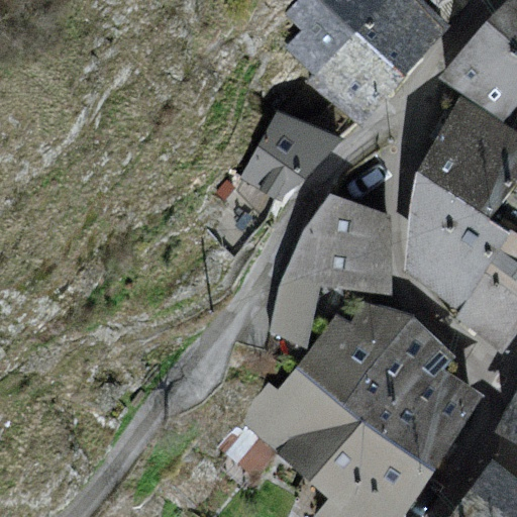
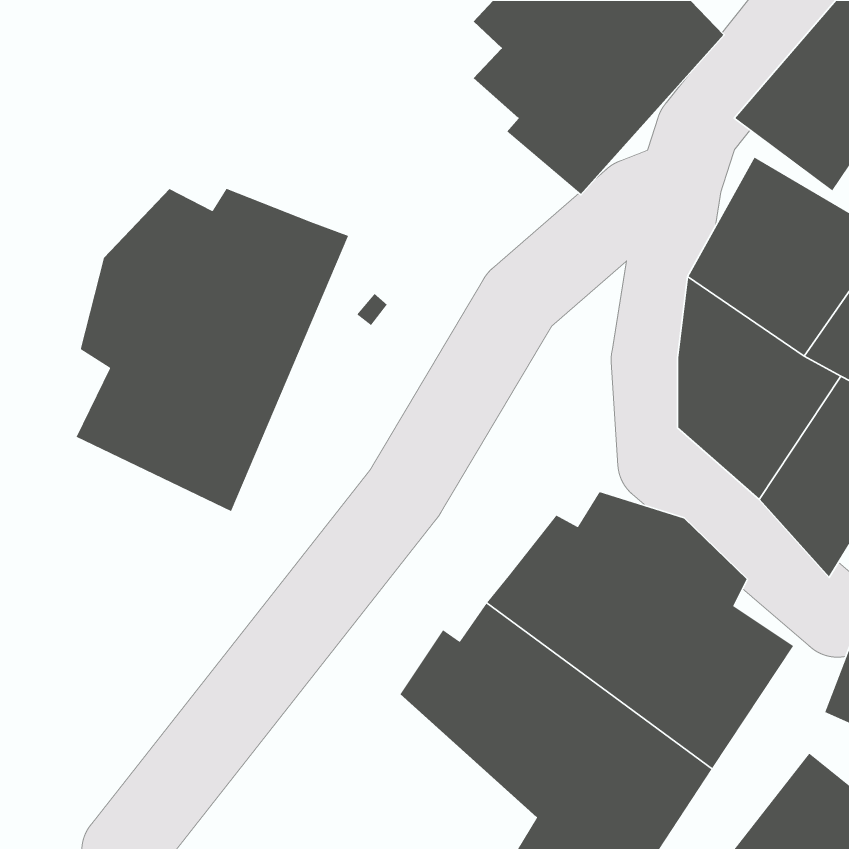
building: [241,111,342,199] -> none
building: none -> [76,188,349,512]
building: [269,193,390,350] -> none

